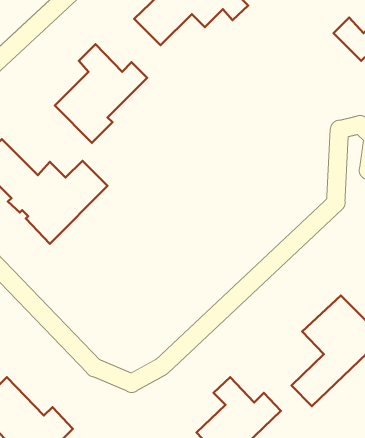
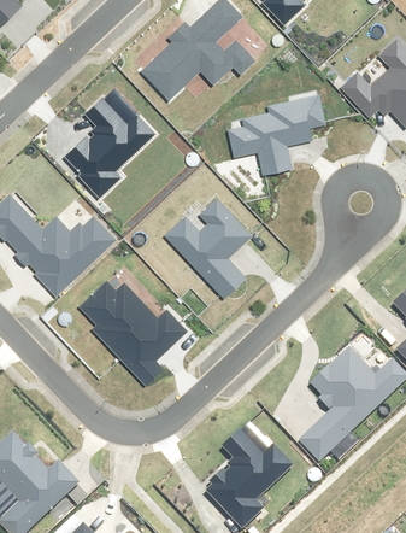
building: none -> [230,94,324,171]
building: none -> [165,197,251,294]
building: none -> [80,279,189,385]

